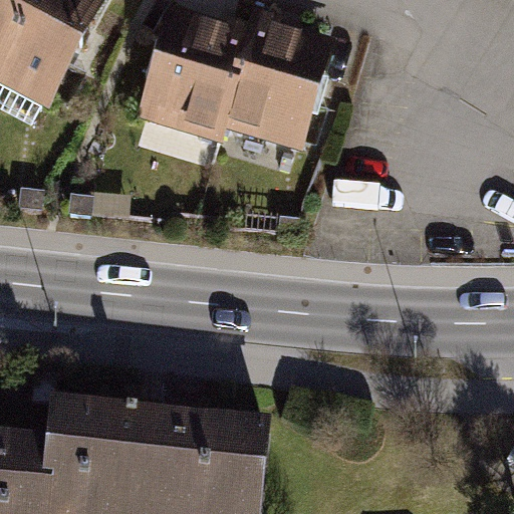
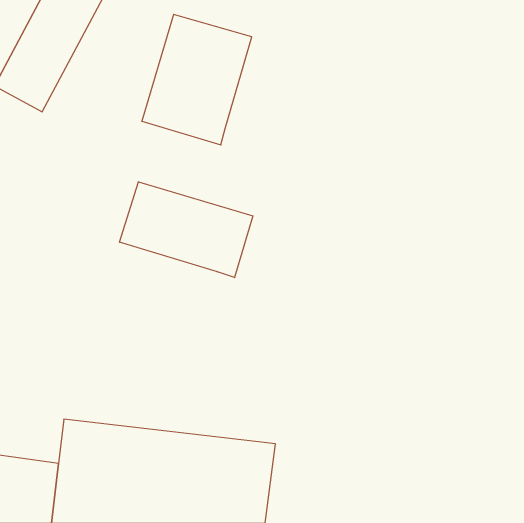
building: [220,27,326,149] -> none
building: none -> [120,182,253,278]

